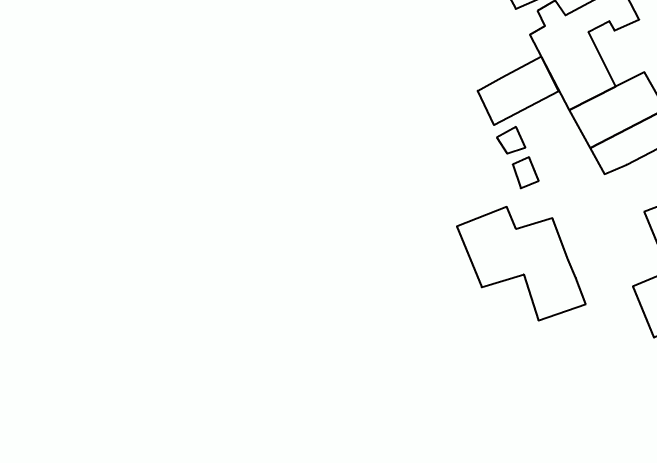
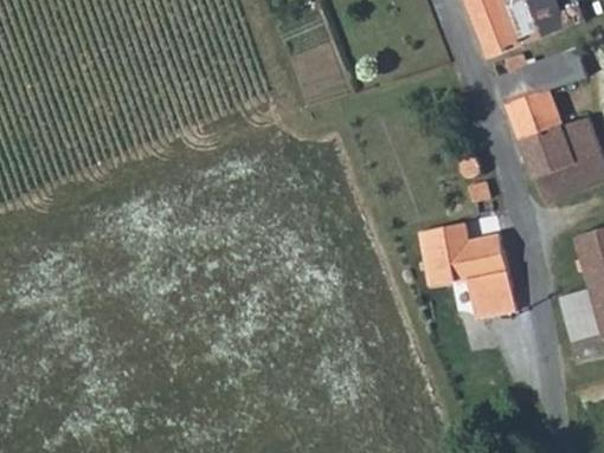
building: [478,56,558,125] -> none

